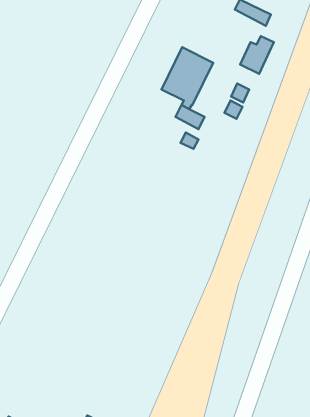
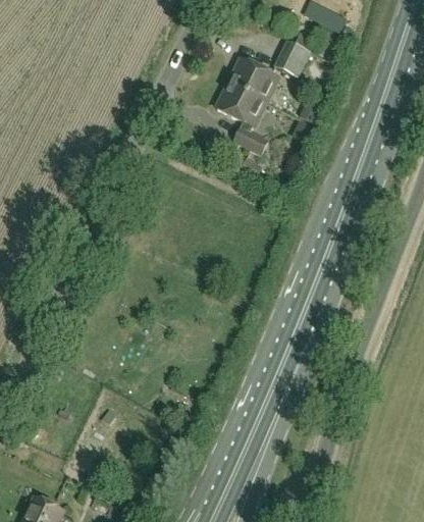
building: [240,36,274,74] -> [275,34,315,79]

